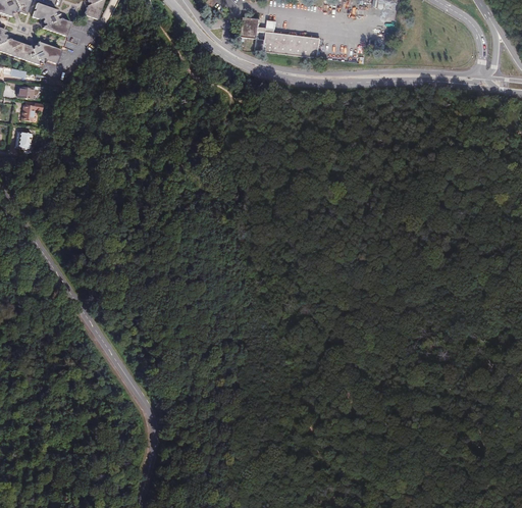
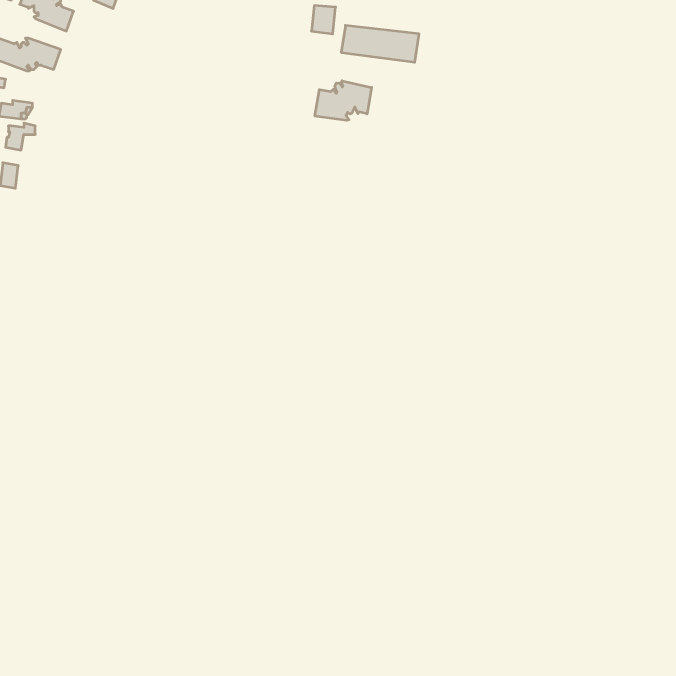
building: none -> [315,81,372,120]

